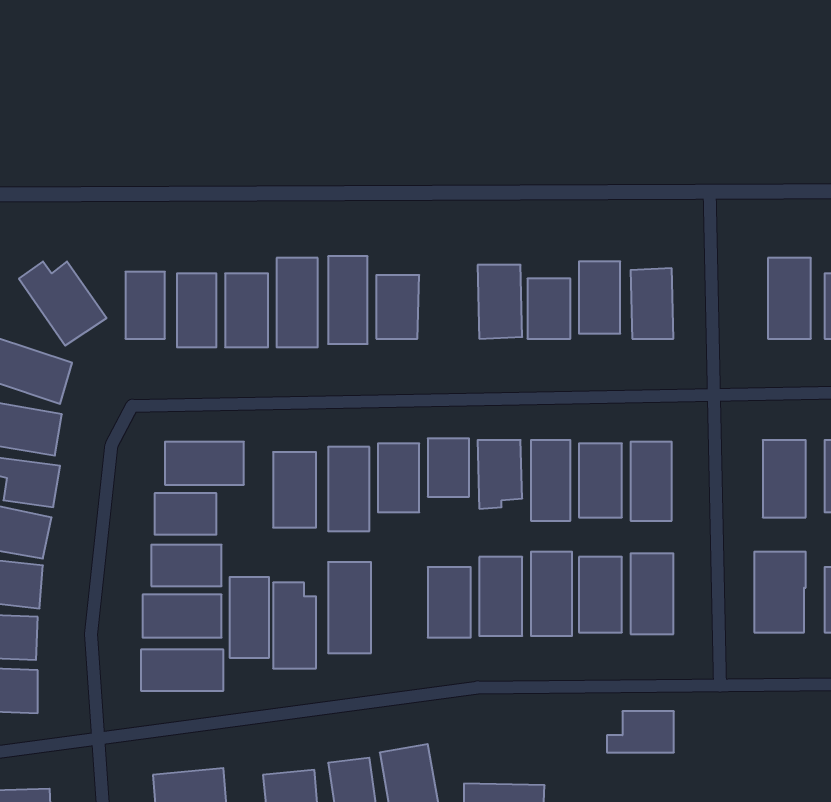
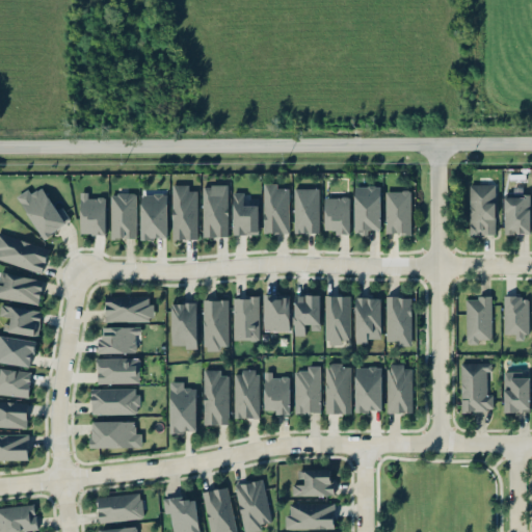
building: none -> [264,185,289,234]
building: [230,577,269,658] -> [235,370,259,419]
building: [607,711,674,752] -> [293,471,334,496]

